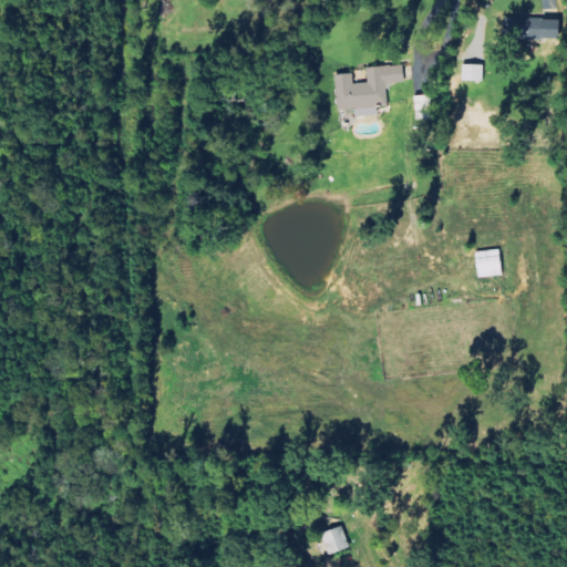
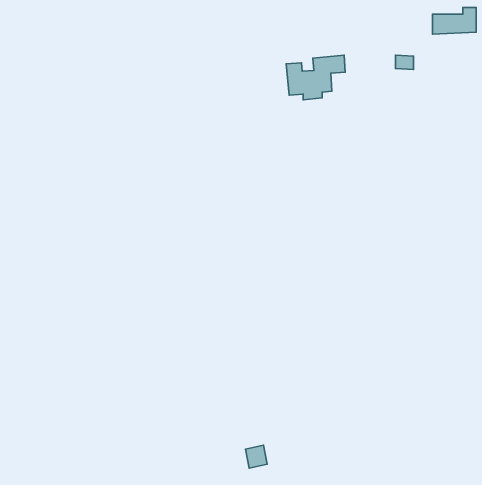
building: [475,249,501,277] -> none
building: [321,526,347,553] -> [245,445,267,468]

